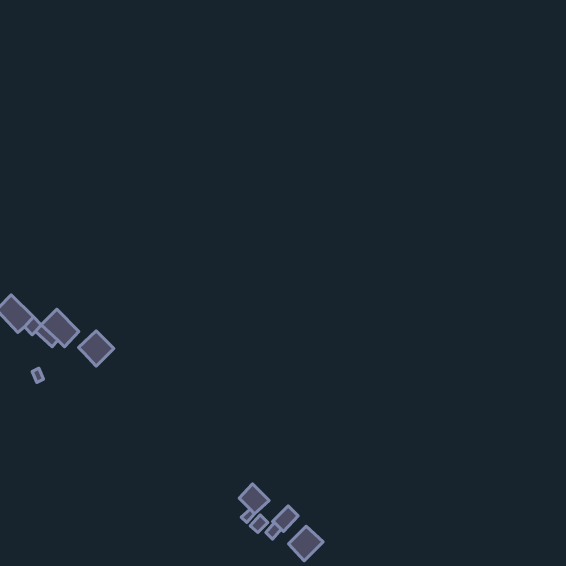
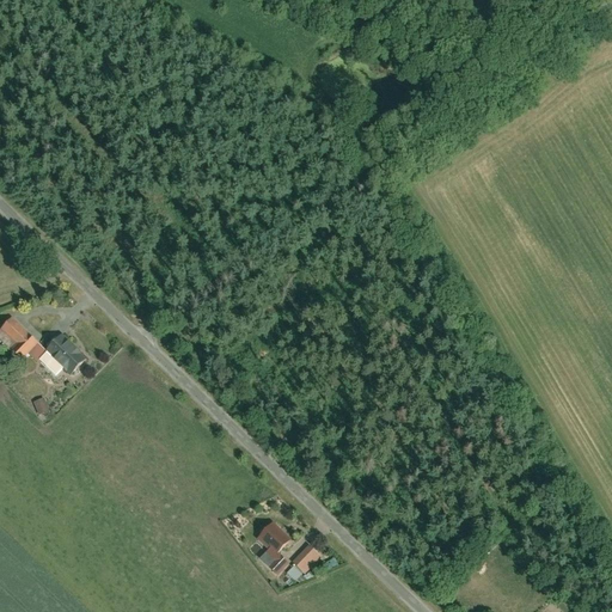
building: [79,331,114,366] -> none
building: [288,526,323,561] -> none

